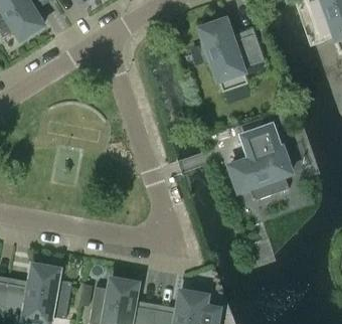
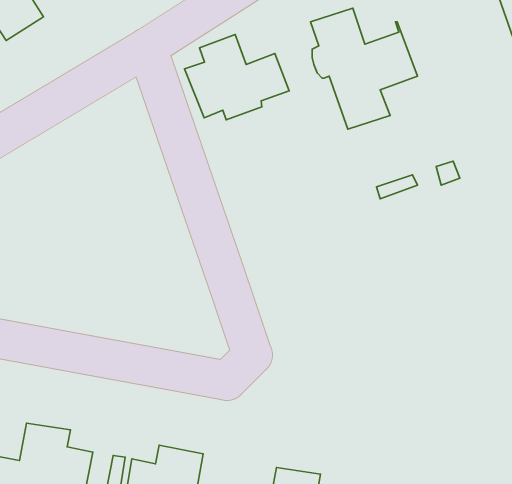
building: none -> [185,35,289,120]
building: [229,126,290,199] -> none

